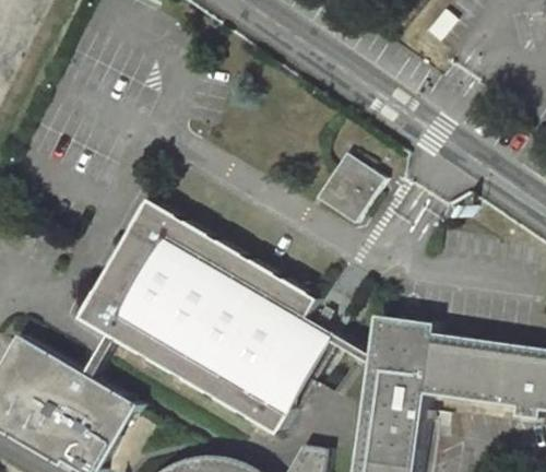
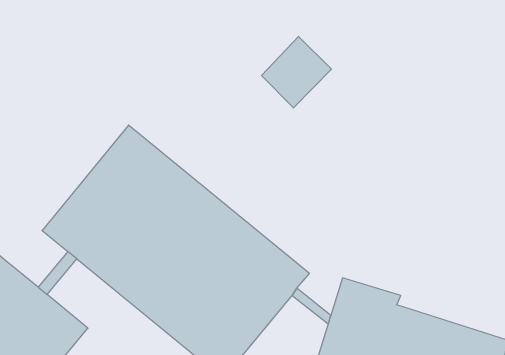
building: [312,152,379,222] -> [262,36,332,108]

